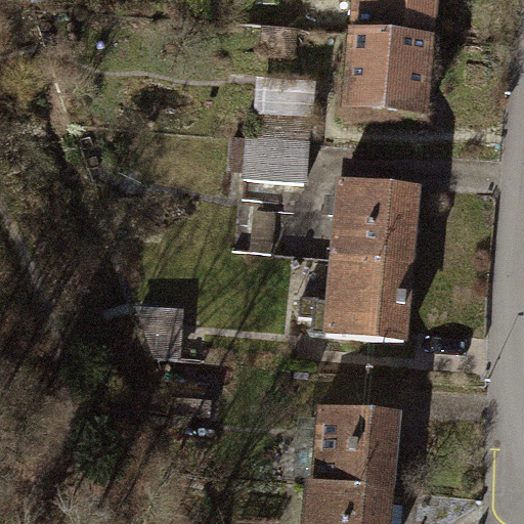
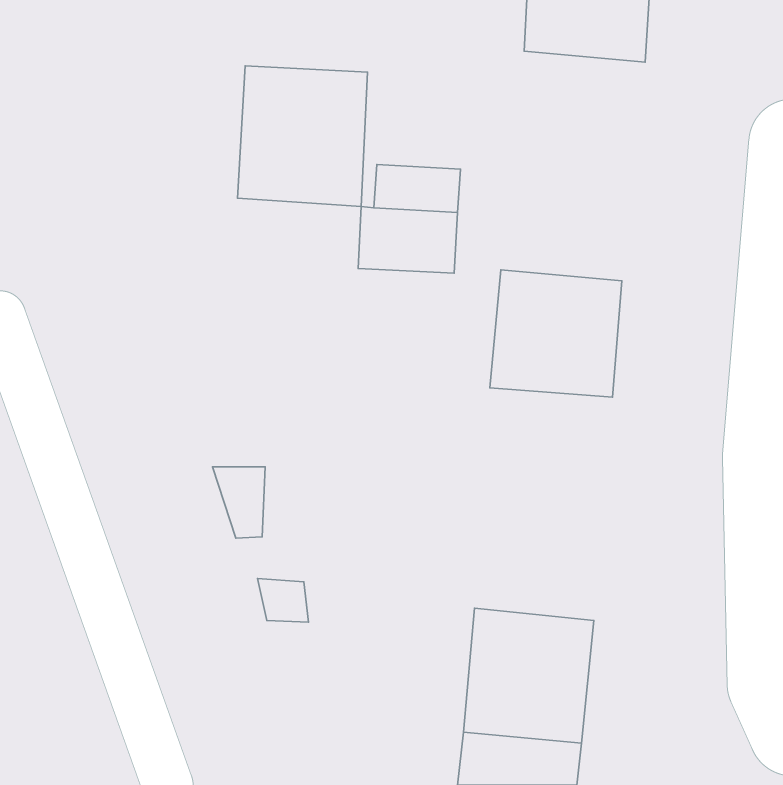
building: [345,34,432,121] -> none
building: none -> [238,66,368,206]
building: [296,256,410,343] -> none

